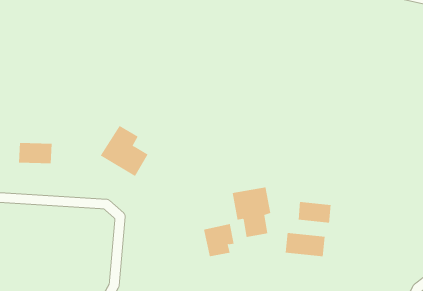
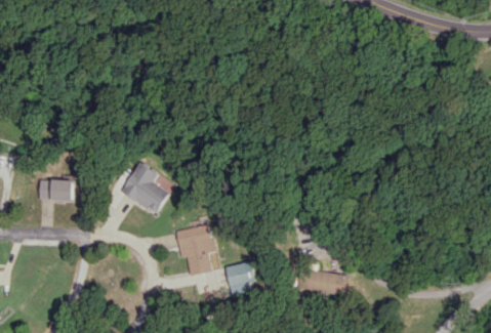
building: [232,187,271,238] -> [176,224,216,276]
building: [298,201,331,223] -> none

